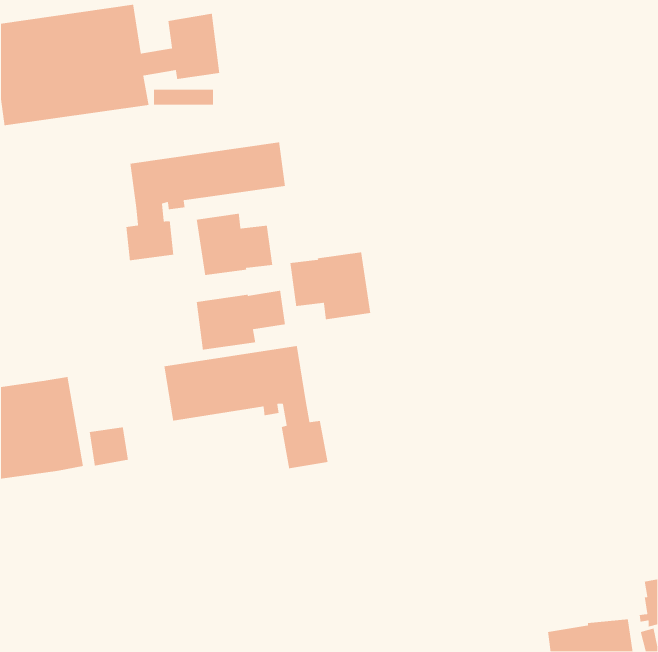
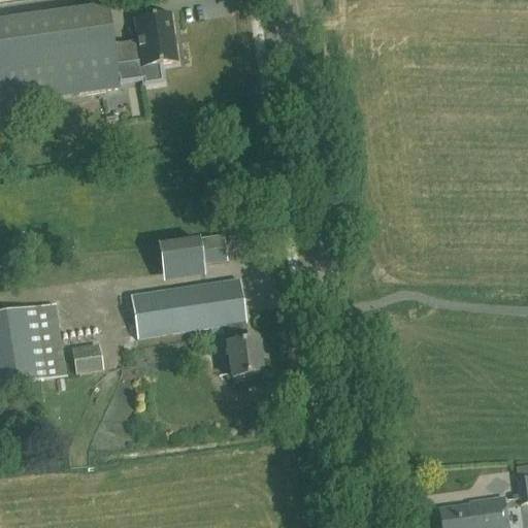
building: [126,142,286,261] -> none
building: [196,213,273,276] -> none
building: [289,252,371,320] -> none

